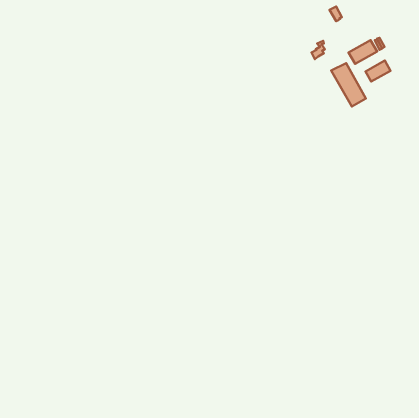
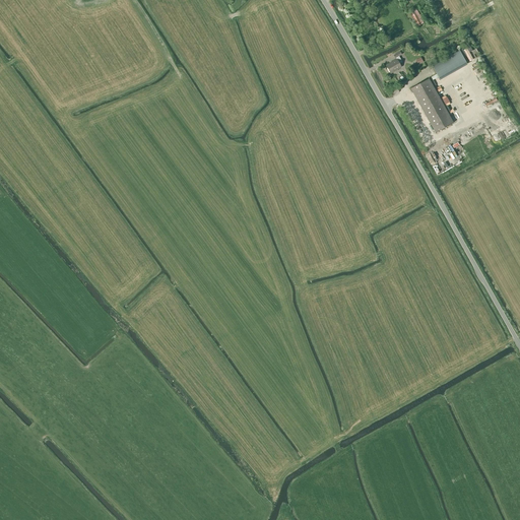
building: [366,60,391,82] -> none

